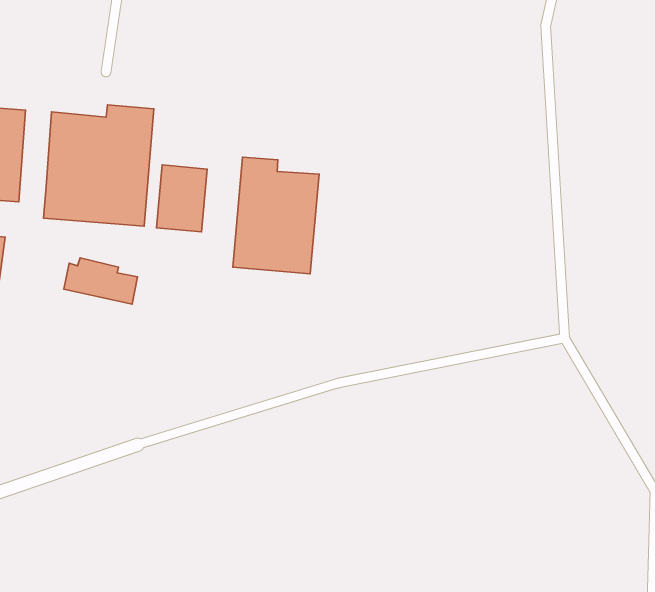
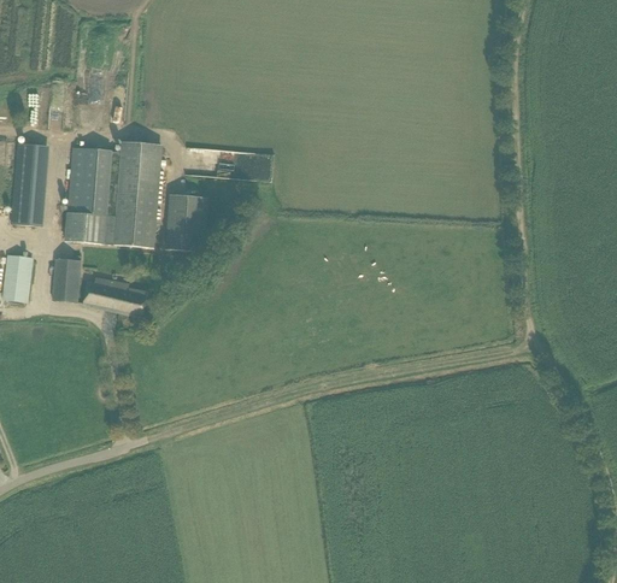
building: [233,157,319,274] -> none
building: none -> [52,257,80,301]

